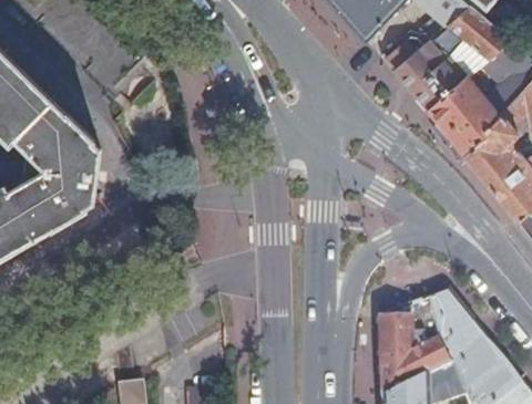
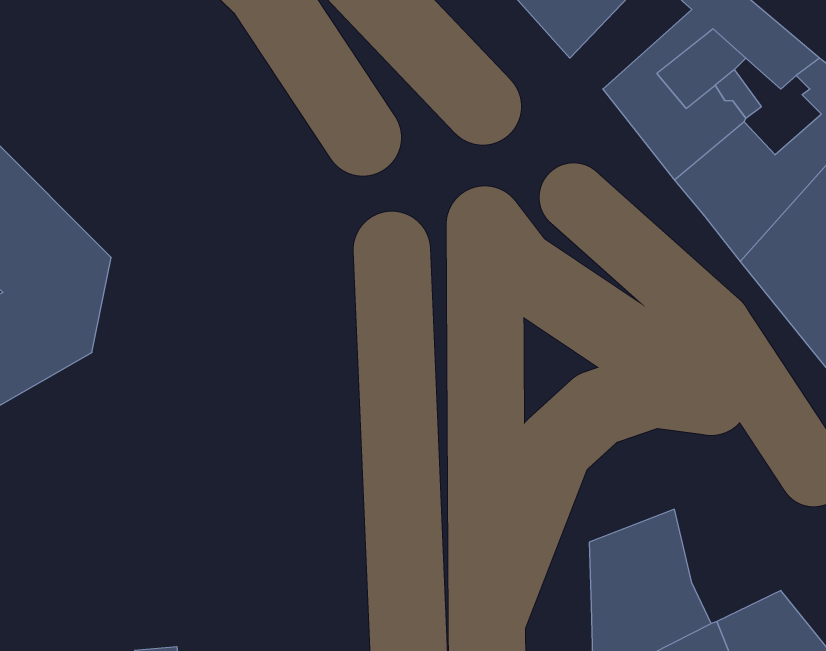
building: [428,292,489,364] -> none

